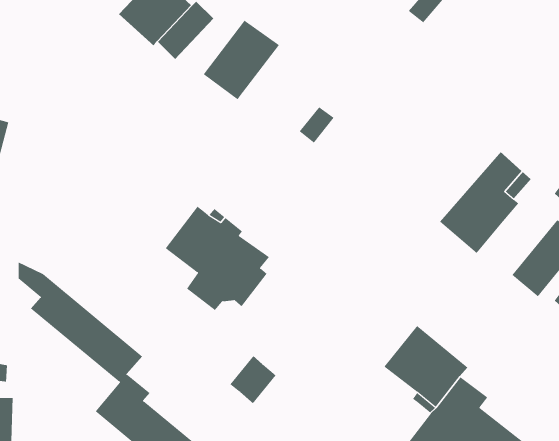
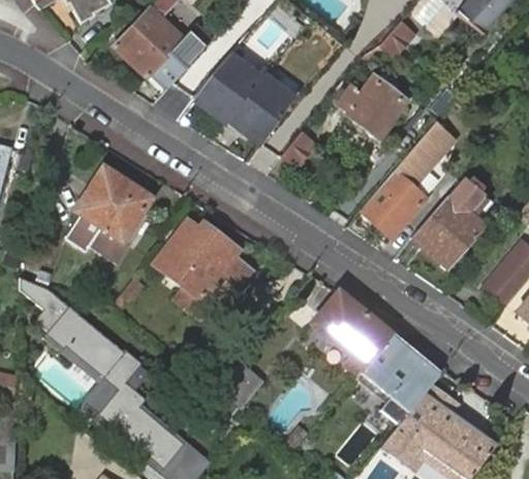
building: none -> [227,73,297,147]
building: none -> [339,77,408,138]
building: none -> [362,121,456,235]
building: none -> [63,160,152,263]
building: none -> [312,290,392,374]

